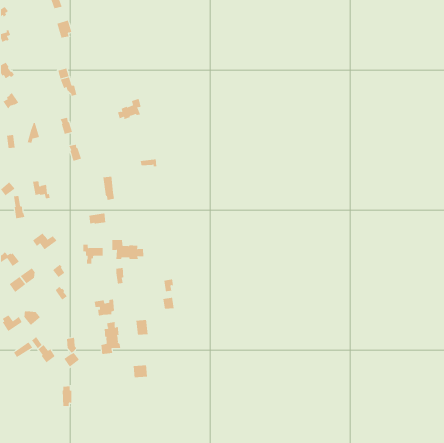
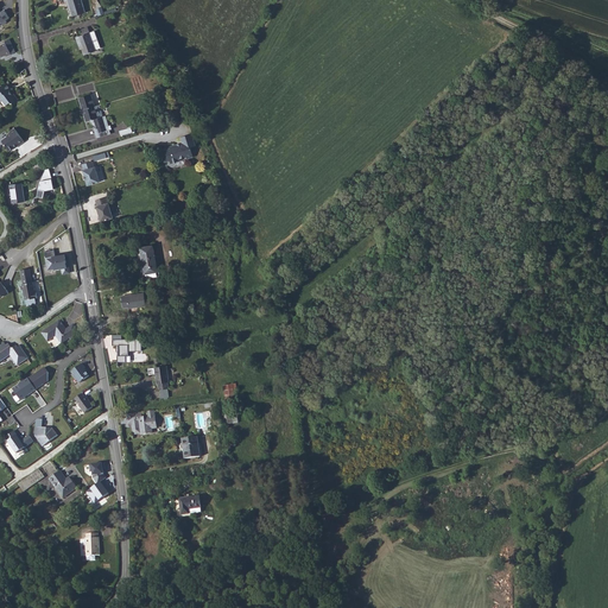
building: [112,239,144,260] -> none
building: [101,321,121,355] -> none

